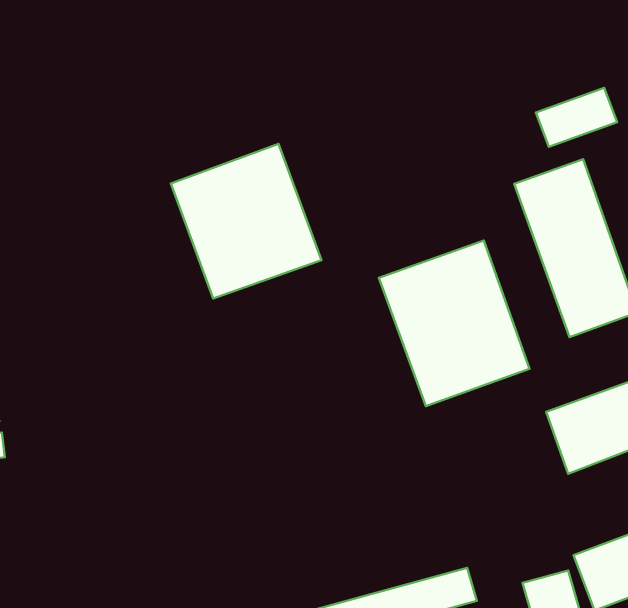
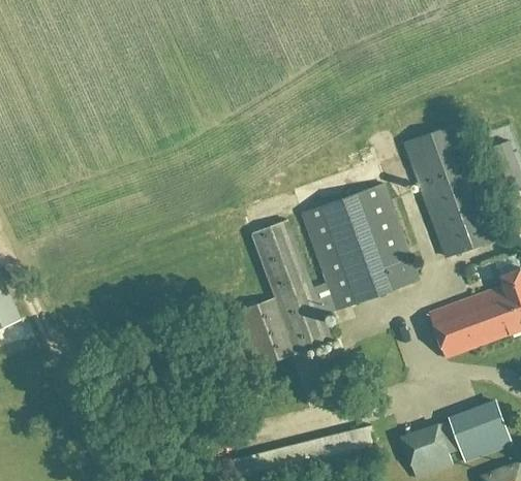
building: [536,88,617,147] -> none
building: [171,144,321,299] -> none
building: none -> [236,219,334,366]

